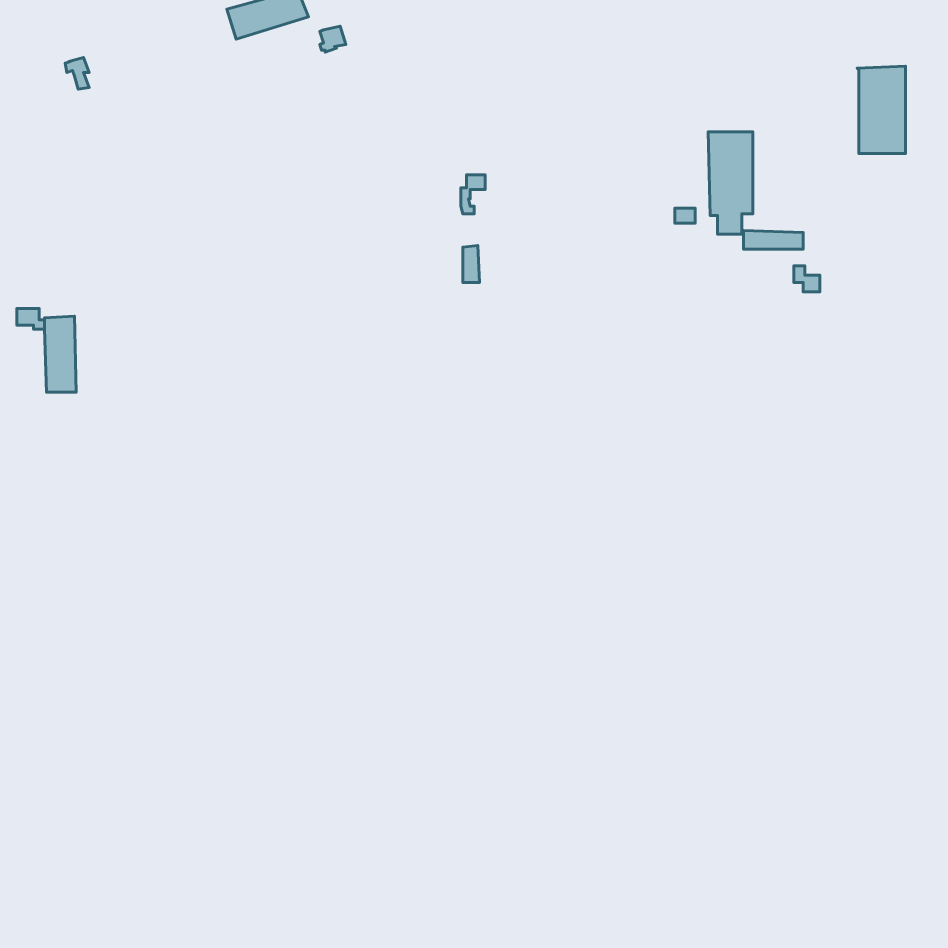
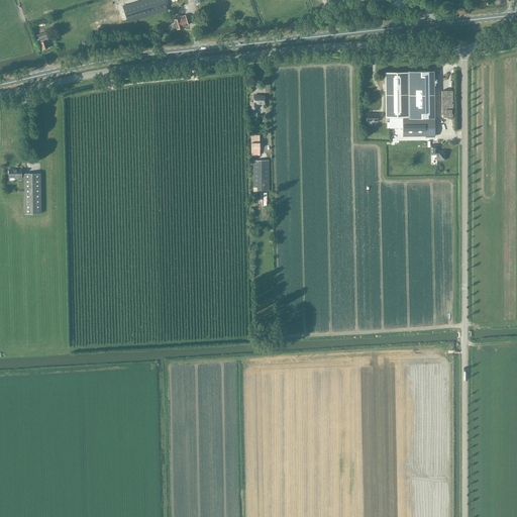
building: [857,66,905,154] -> [409,70,435,117]
building: none -> [253,160,270,191]

